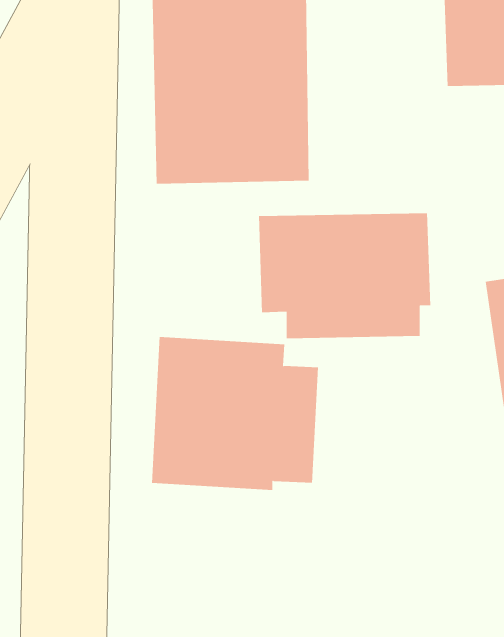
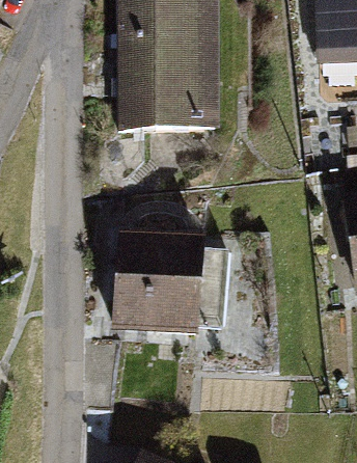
building: [258,212,431,339] -> none

